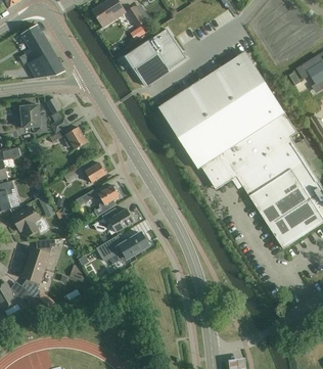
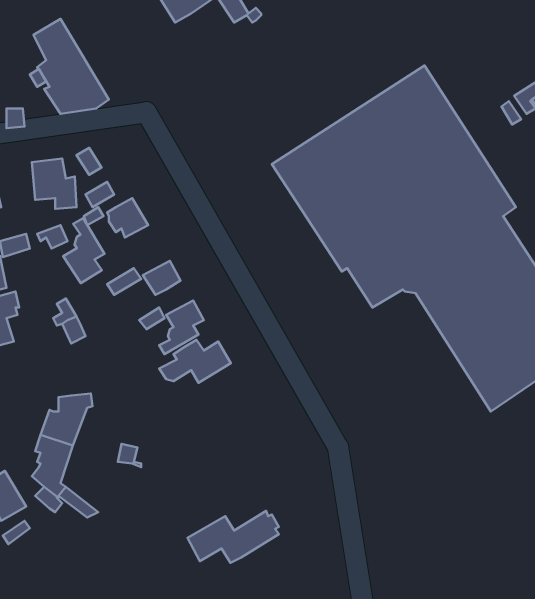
building: [124,29,185,85] -> none
building: none -> [63,218,105,283]
building: [11,206,48,236] -> none
building: [96,232,148,262] -> [187,511,279,563]

